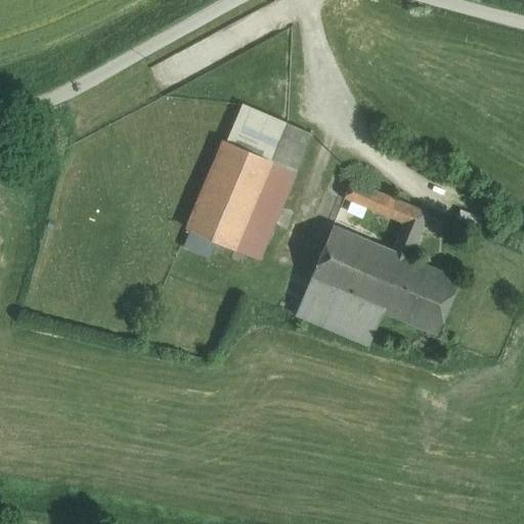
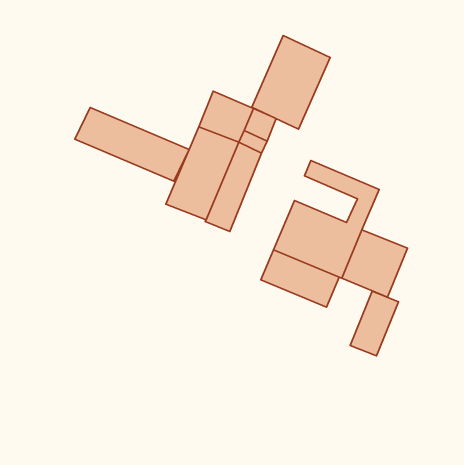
building: none -> [252,36,330,129]
building: none -> [75,107,189,181]
building: none -> [350,291,399,356]

